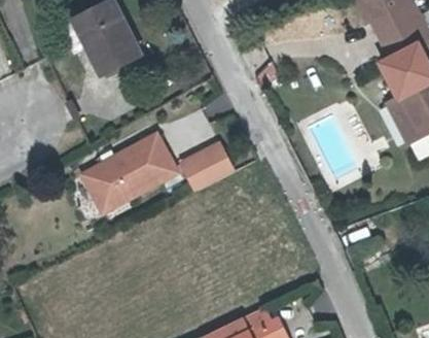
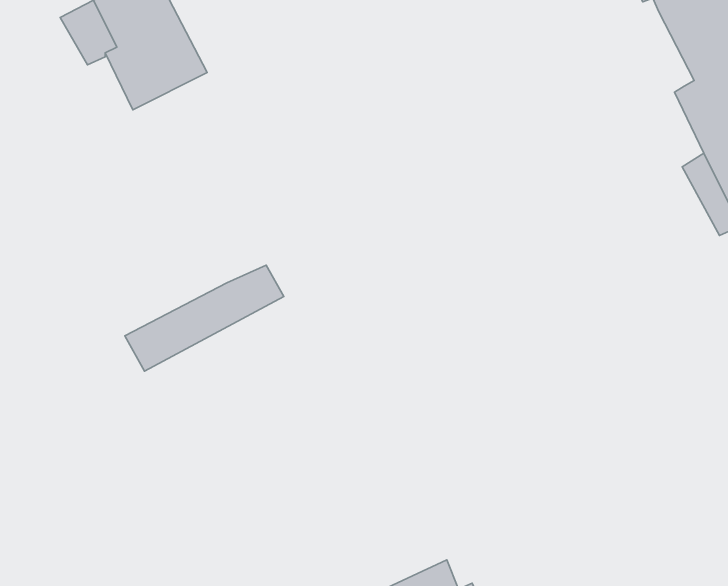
building: [84,136,168,192] -> none
building: [183,145,233,192] -> none

